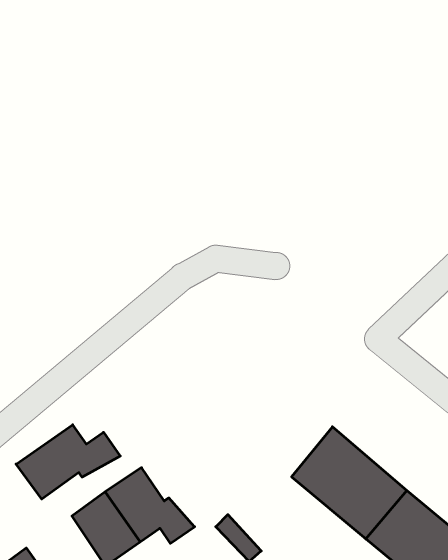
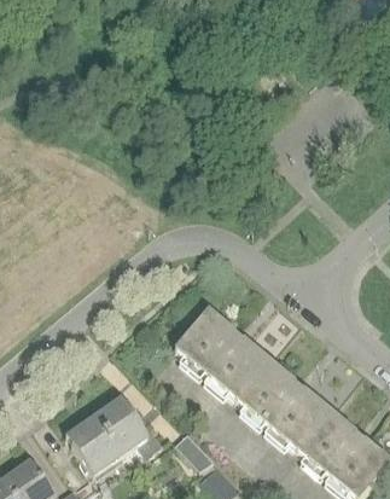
building: none -> [175,309,273,404]
building: [16,425,120,499] -> none

